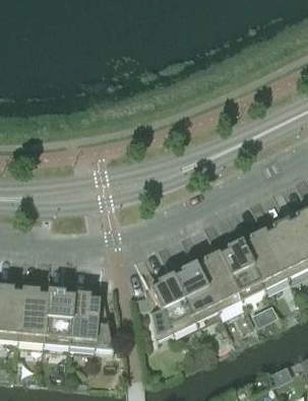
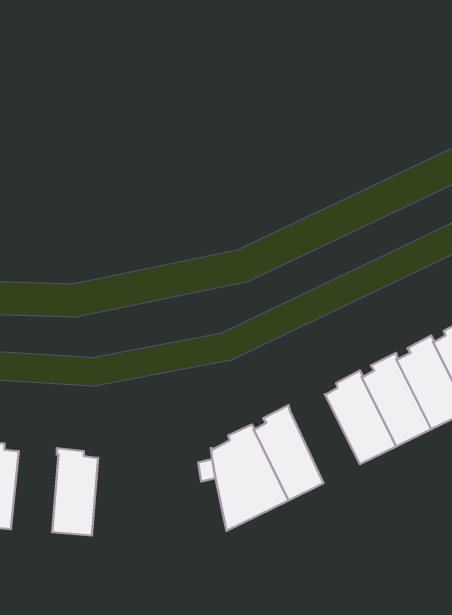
building: [195,251,240,312] -> none
building: [16,287,47,343] -> none
building: [68,292,112,349] -> none

